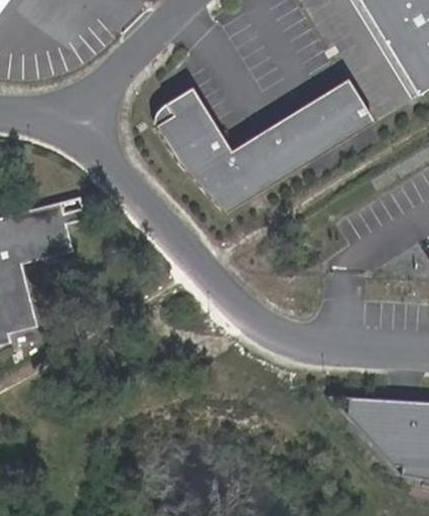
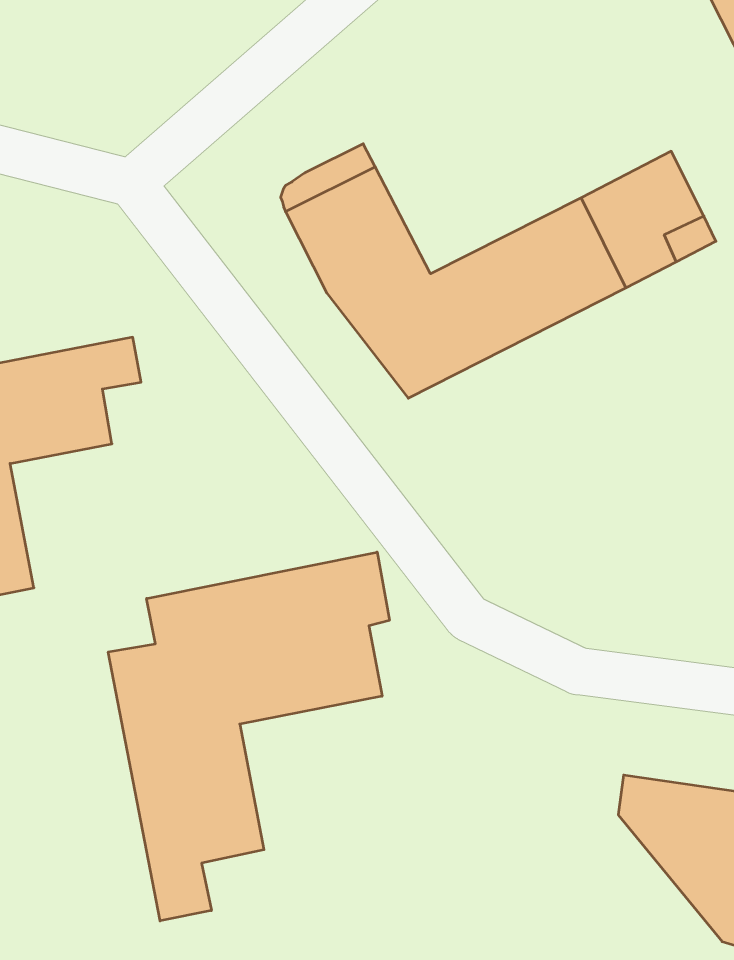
building: none -> [108,552,389,921]

